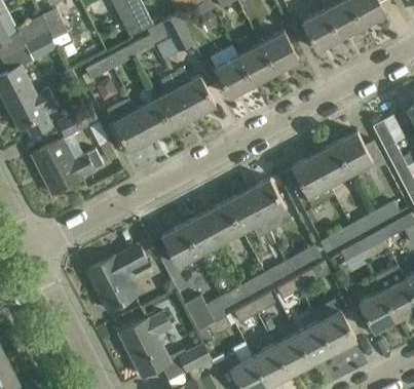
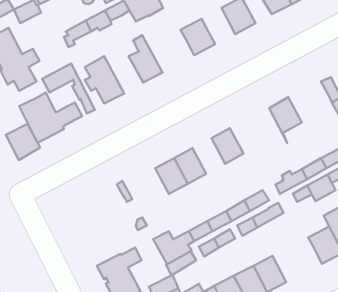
building: [237,43,275,84] -> none
building: [171,67,215,116] -> none
building: [127,98,172,140] -> none
building: [335,132,372,172] -> none
building: [291,156,334,206] -> none
building: none -> [6,124,40,160]
building: [227,190,269,238] -> none
building: [160,224,200,266] -> none
building: [88,245,152,311] -> none
building: [317,311,355,352] -> none

